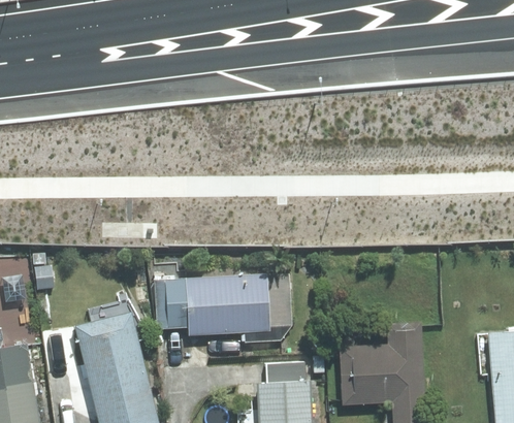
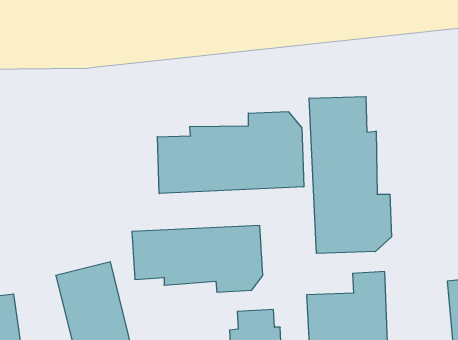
building: none -> [309,96,391,253]
building: none -> [157,112,304,194]

